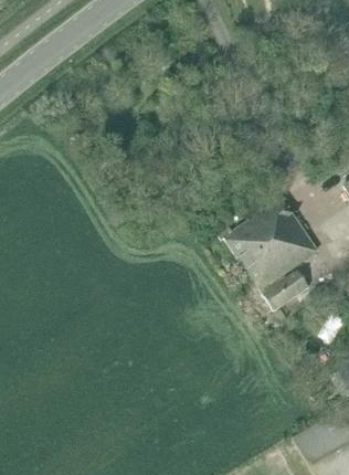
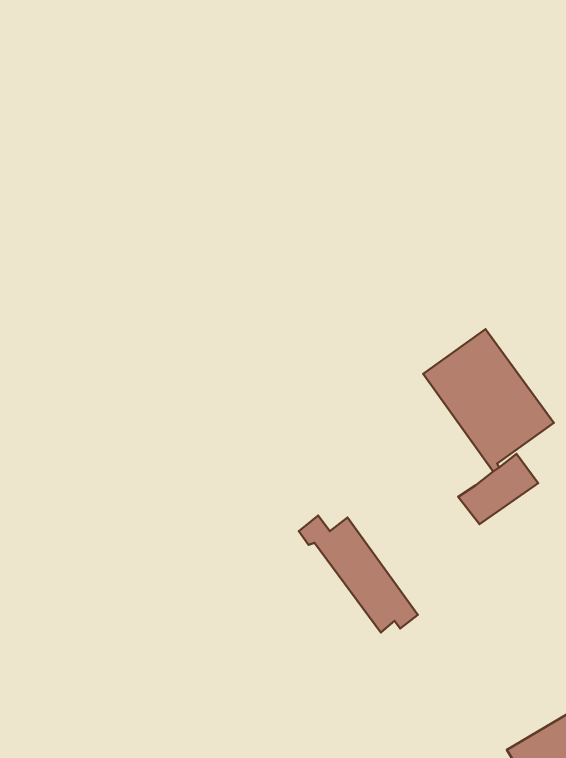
building: [216,225,284,292] -> [299,515,418,632]

